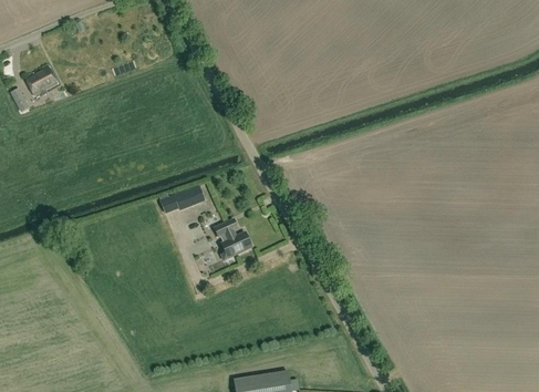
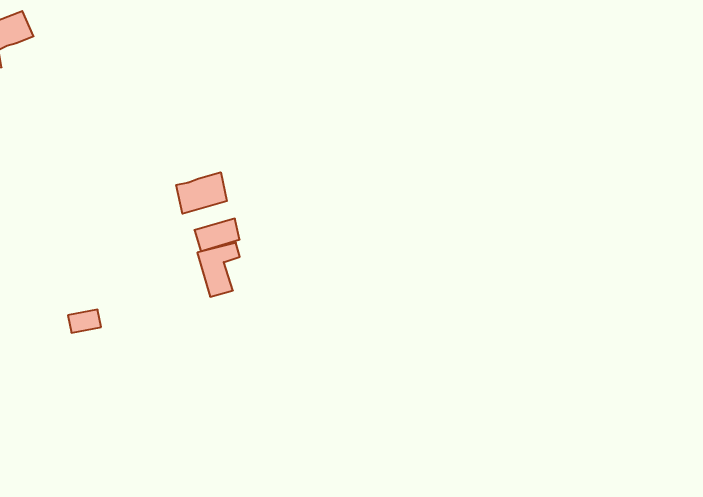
building: none -> [176,172,227,214]
building: [215,217,253,252] -> none

